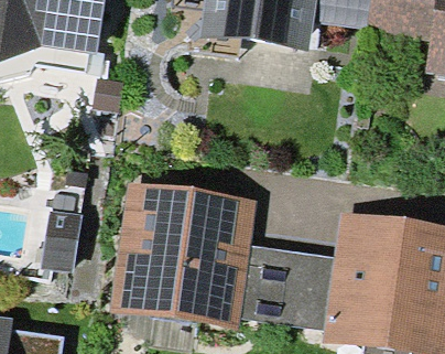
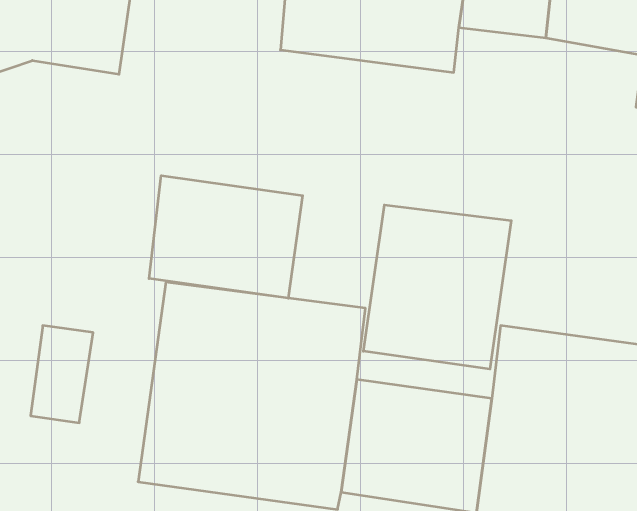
building: none -> [149,176,303,298]
building: none -> [363,205,511,369]

